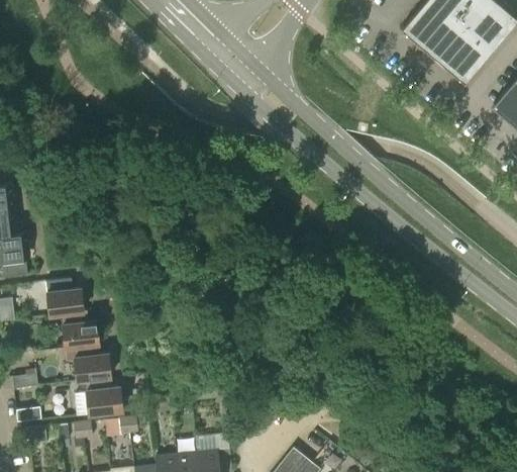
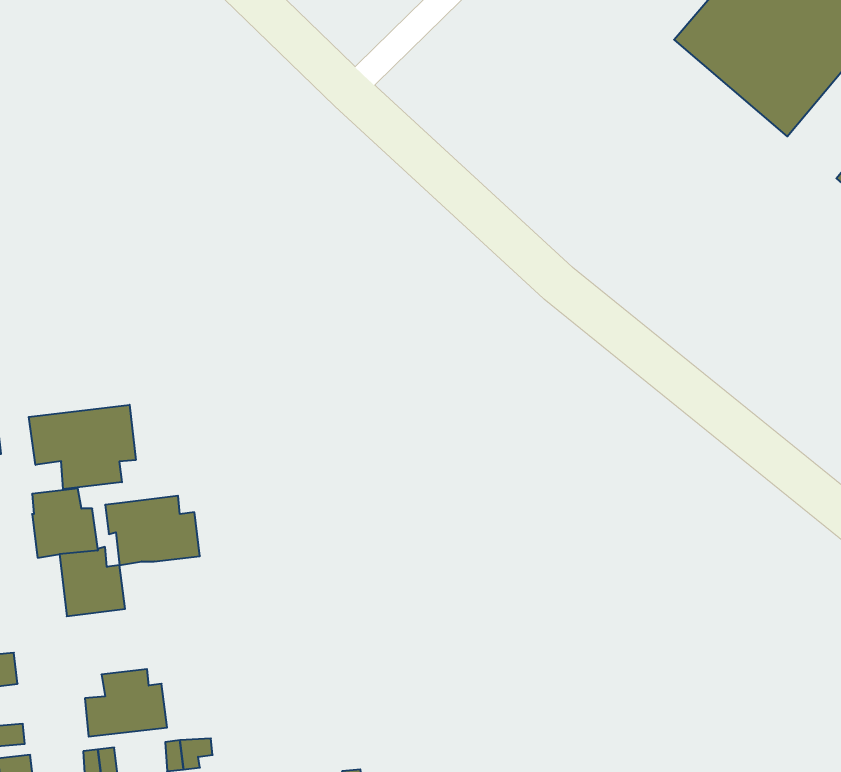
building: none -> [29,405,136,489]
building: [57,345,109,383] -> [105,496,200,565]

